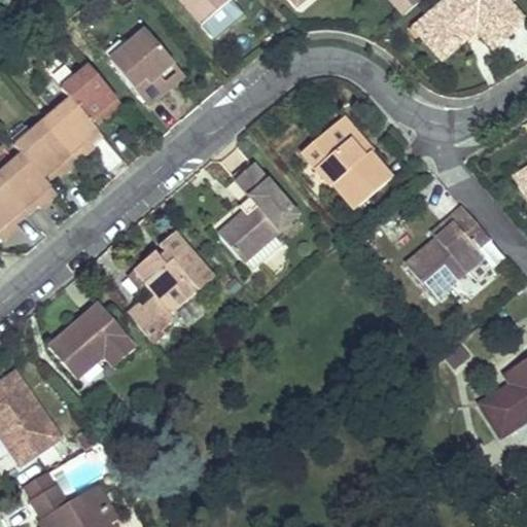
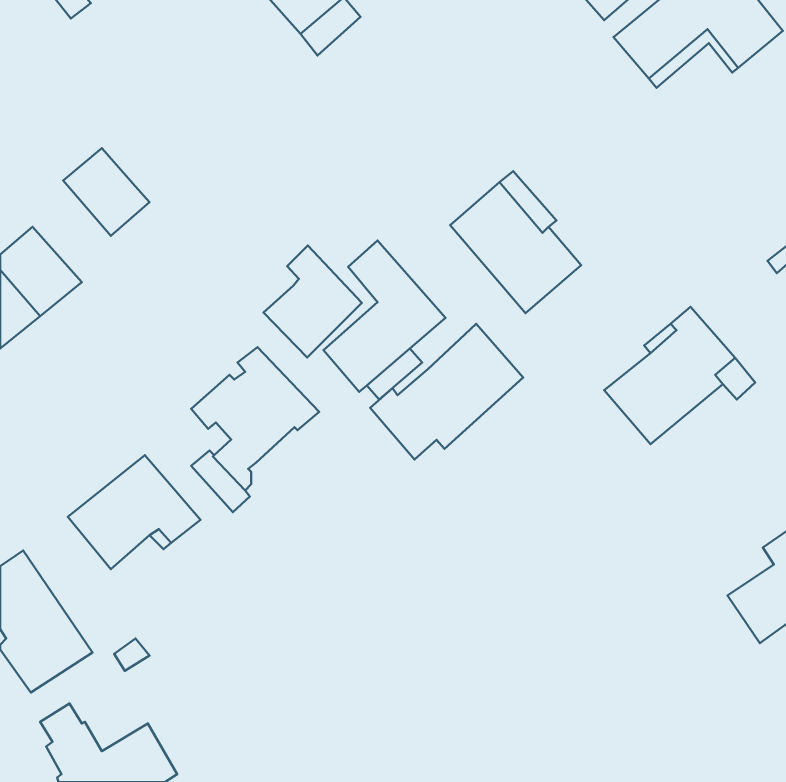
building: [108,29,173,105] -> none
building: [60,65,117,125] -> none
building: [16,120,75,180] -> none
building: none -> [263,245,362,357]
building: none -> [370,324,523,459]

